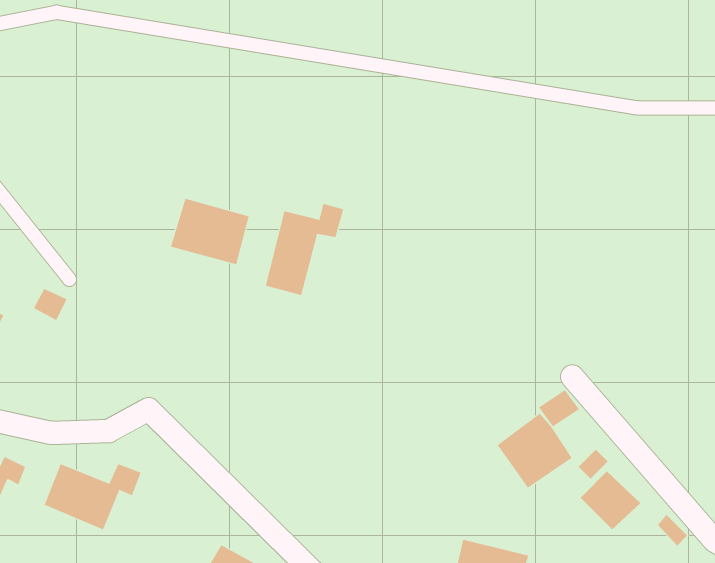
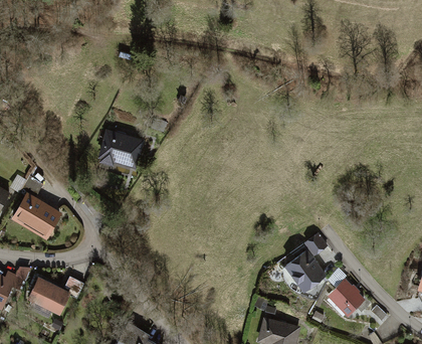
building: [265,203,344,296] -> none
building: none -> [15,195,63,238]

